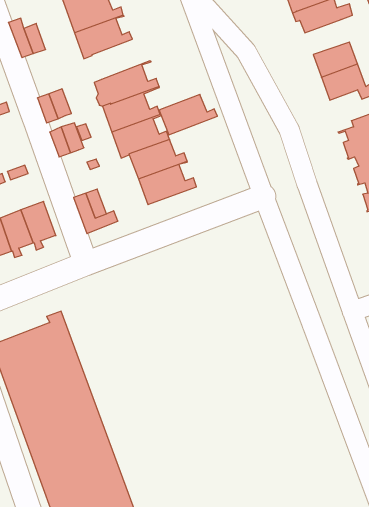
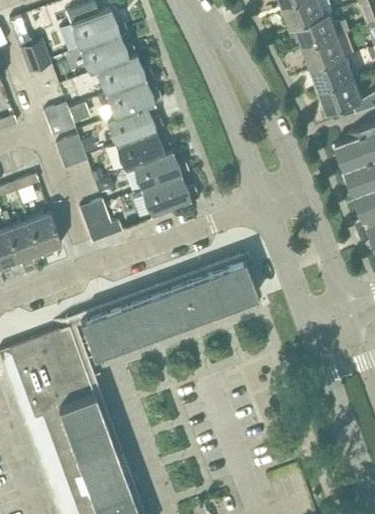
building: none -> [303,37,346,71]
building: [160,94,217,135] -> [96,56,152,95]
building: none -> [77,256,257,358]

